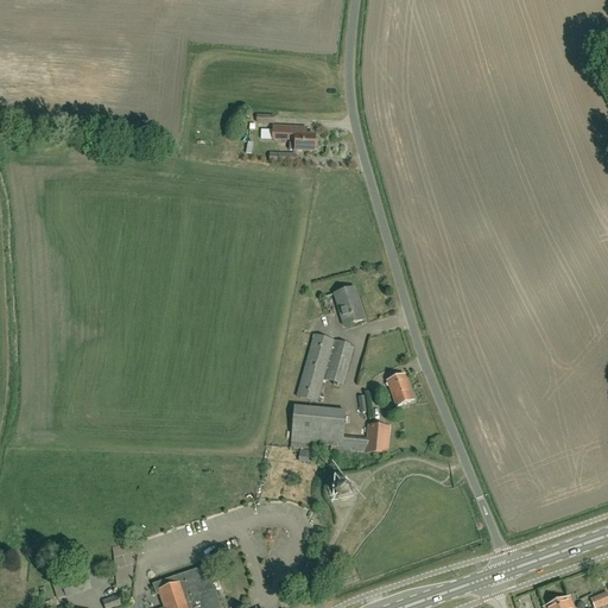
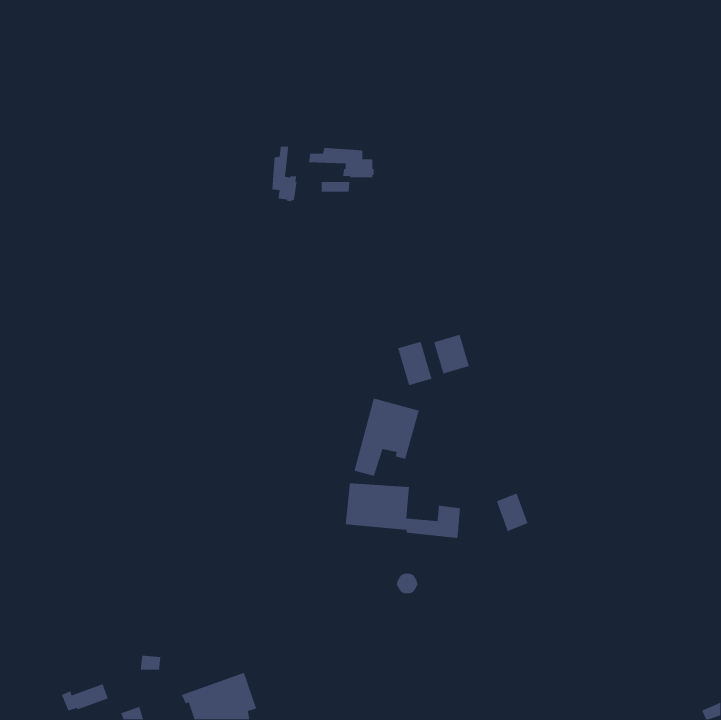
building: none -> [271,146,297,202]
building: none -> [433,334,470,374]
building: [386,373,413,406] -> [496,492,528,532]

